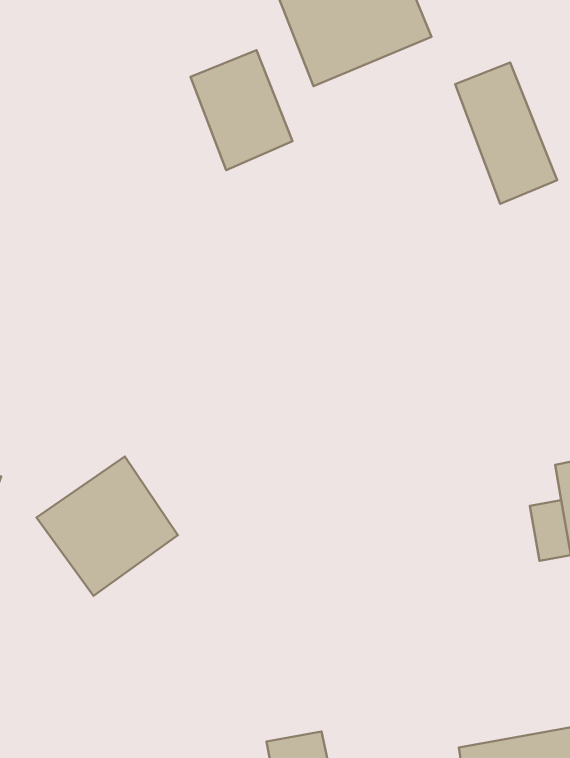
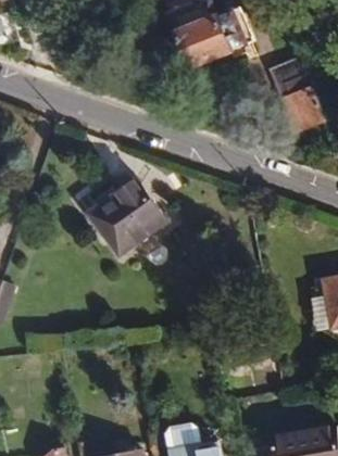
building: [190,50,293,170] -> none
building: [37,457,178,596] -> [87,177,165,254]

